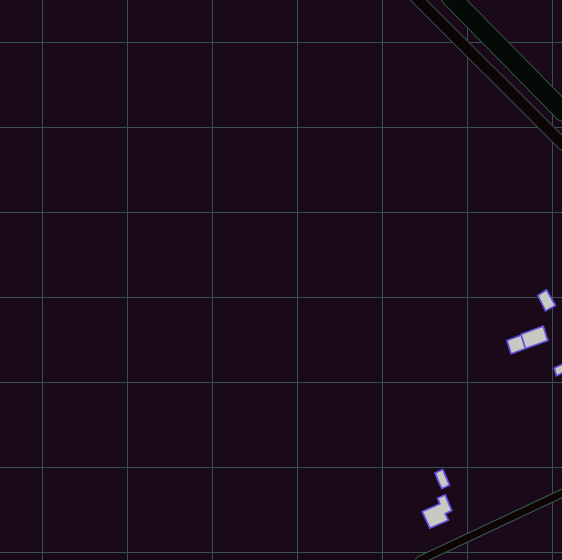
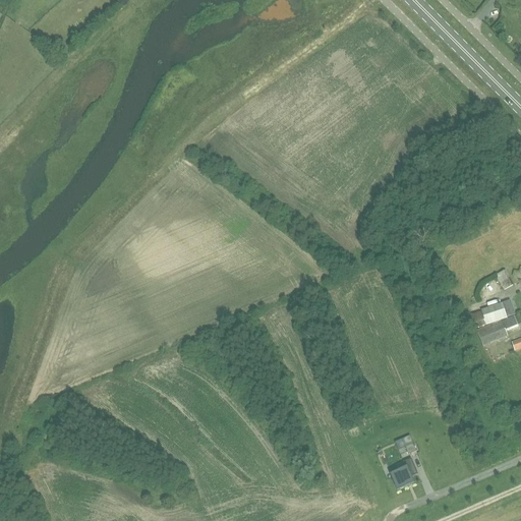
building: none -> [477,317,509,343]

